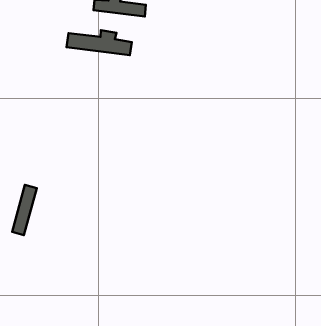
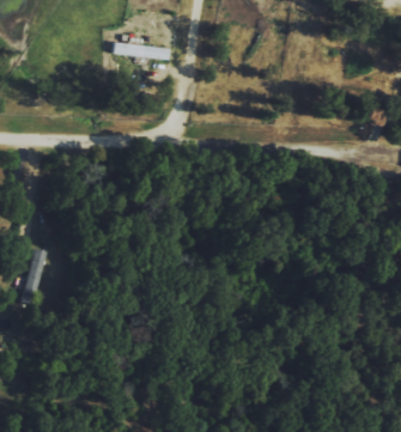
building: [66,30,132,55] -> none

